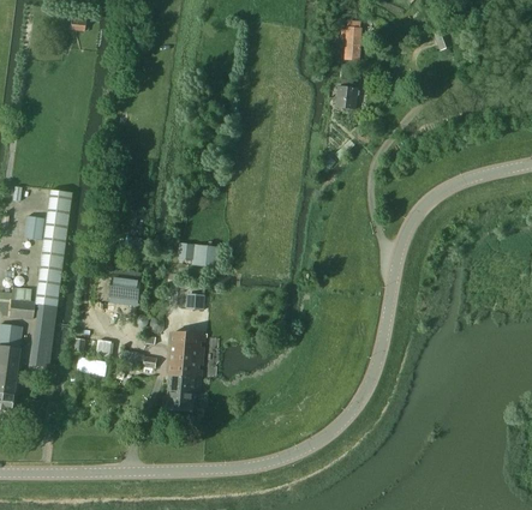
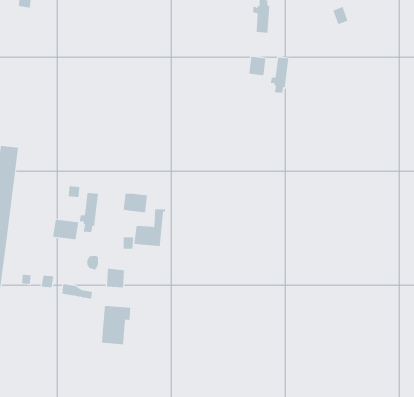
building: none -> [270,57,289,93]
building: none -> [79,192,99,233]
building: [169,334,207,377] -> [134,209,166,246]

